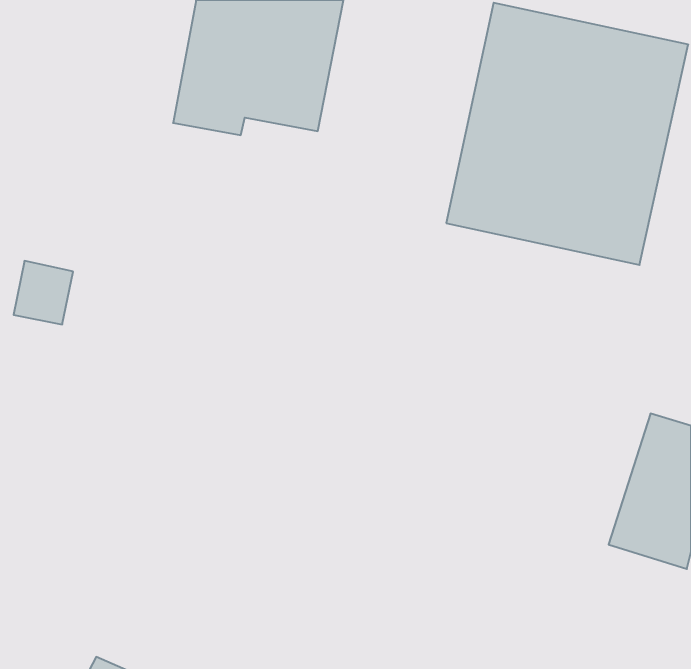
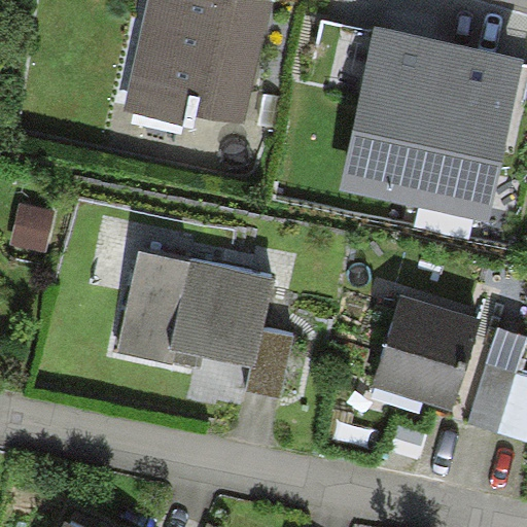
building: none -> [112,222,290,409]
building: none -> [373,302,479,417]

